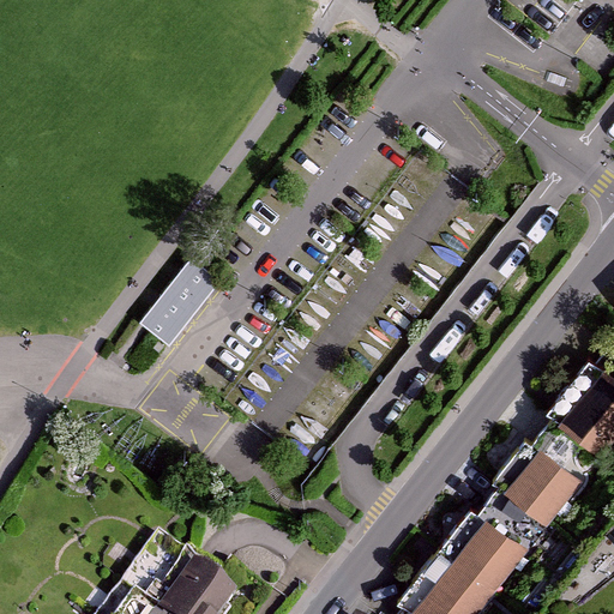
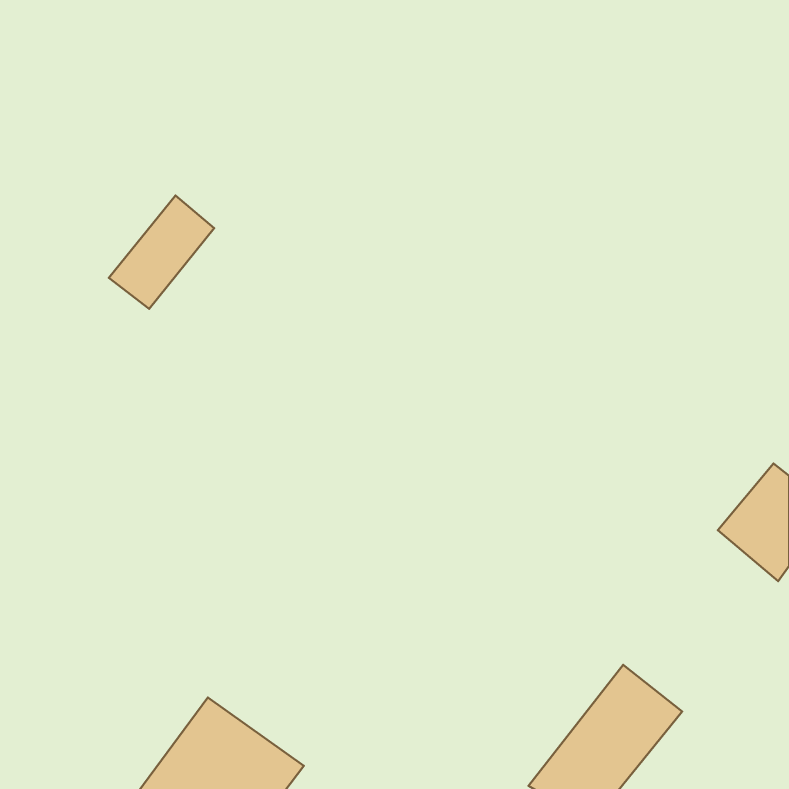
building: [138,263,219,350] -> [109,196,214,309]
building: [501,446,579,524] -> none

